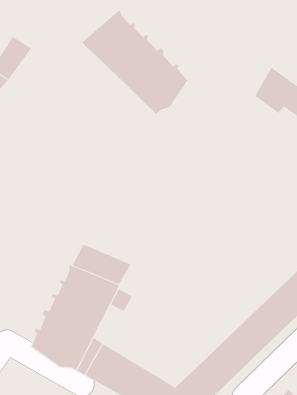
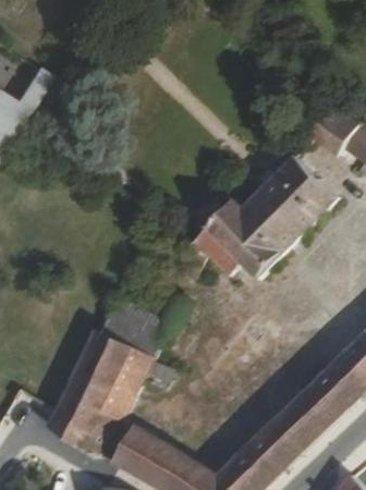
building: [81,10,188,115] -> none
building: none -> [184,154,340,283]

